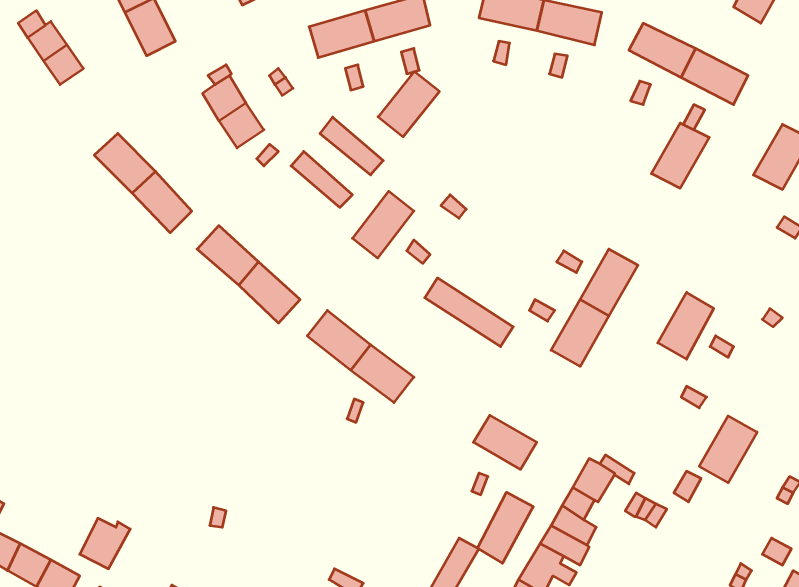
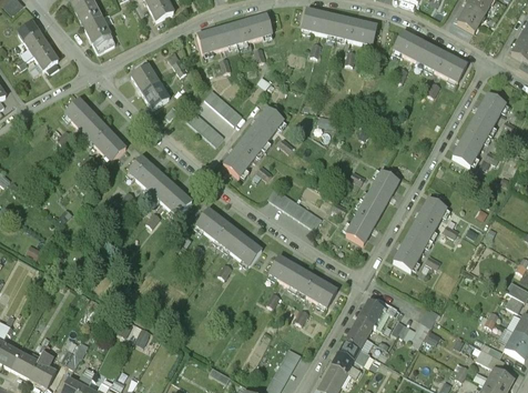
building: [378,72,439,137] -> [245,107,283,147]
building: [651,123,709,188] -> [451,124,487,164]
building: none -> [268,255,307,289]
building: [699,416,757,483] -> [393,228,428,269]
building: [478,492,533,563] -> none

